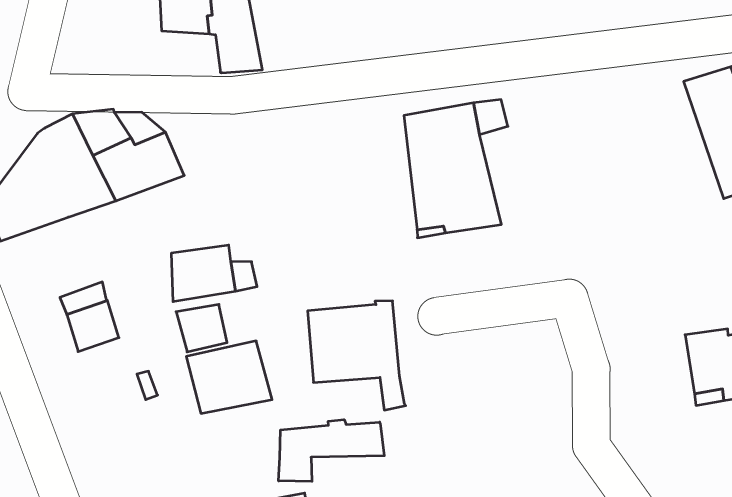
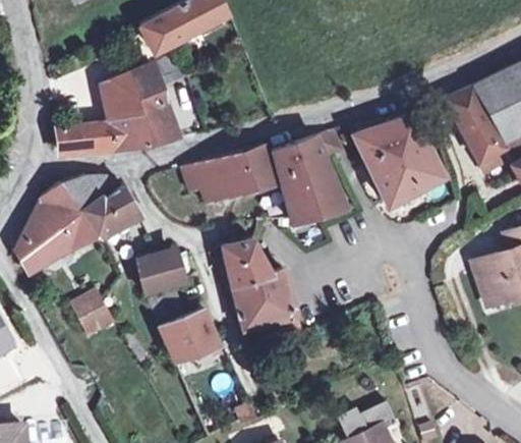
building: none -> [59,119,151,155]
building: none -> [352,115,441,206]
building: none -> [184,144,275,204]
building: none -> [222,239,274,285]
building: [279,420,384,481] -> none

